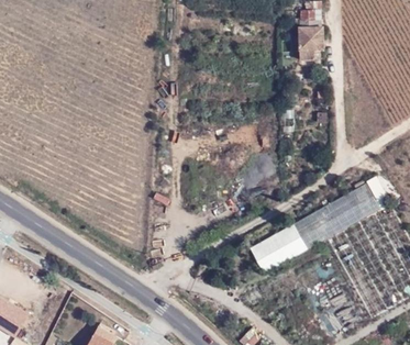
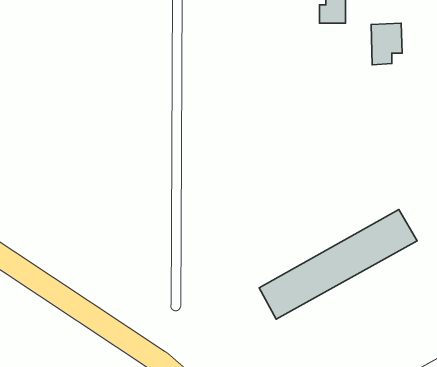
building: [298,27,324,63] -> [371,23,402,65]

